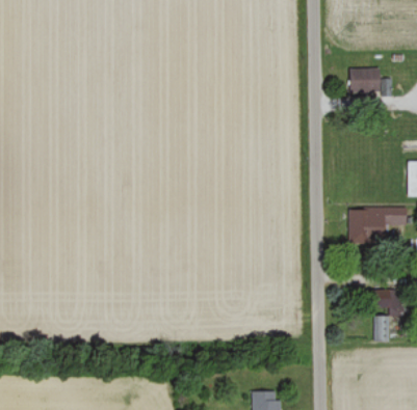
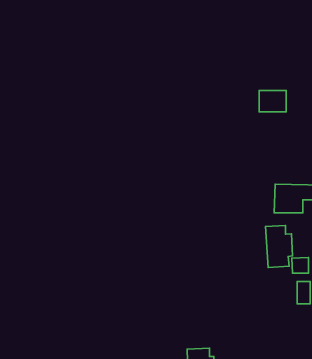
building: [348,69,379,92] -> [259,90,286,112]
building: none -> [265,225,293,267]

